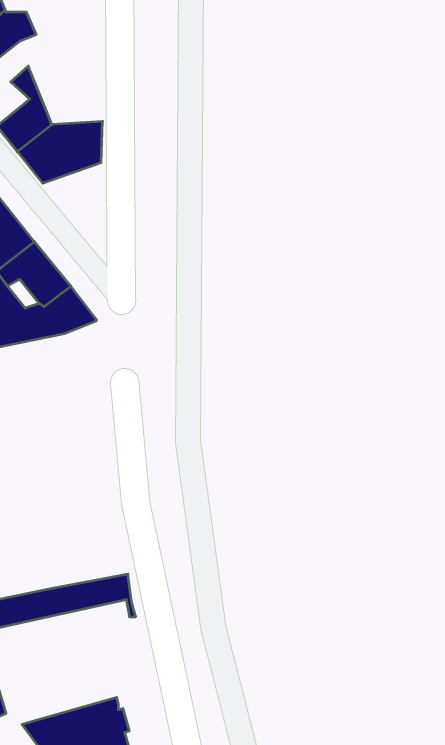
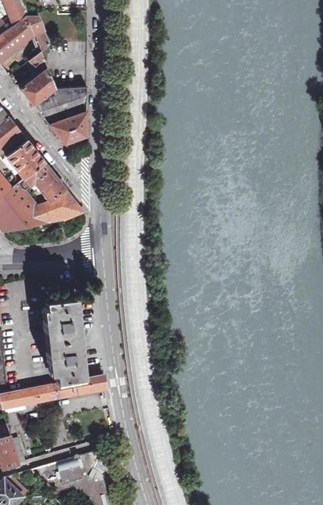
building: none -> [49,112,86,144]
building: none -> [43,298,82,381]

